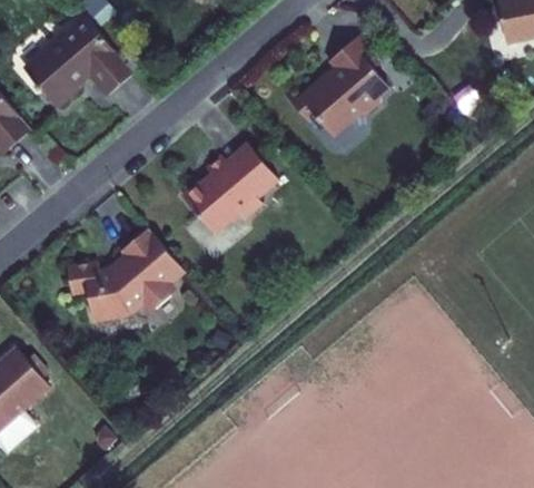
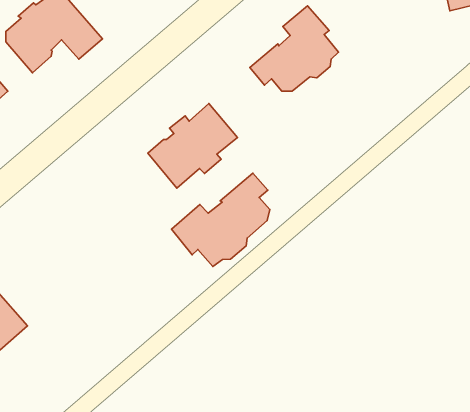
building: none -> [171,173,270,267]
building: [67,227,185,313] -> none

